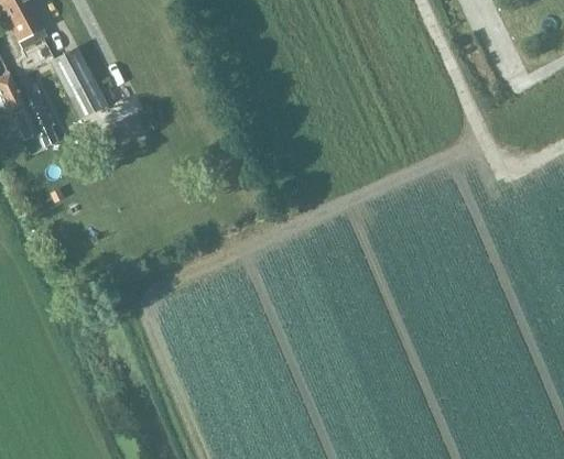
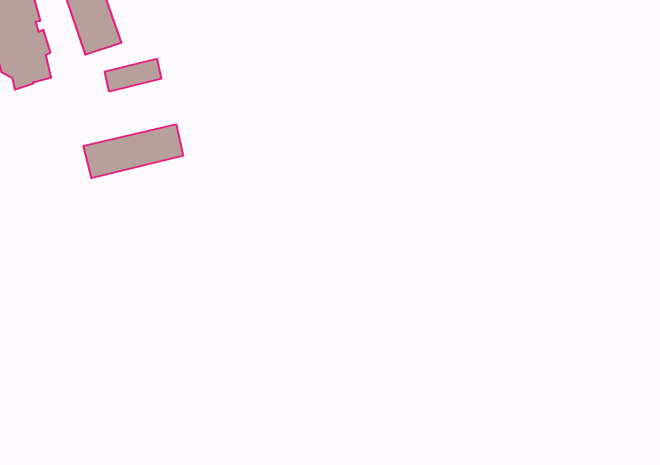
building: none -> [84,124,183,178]

